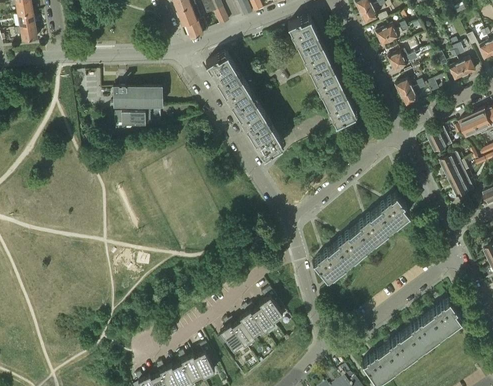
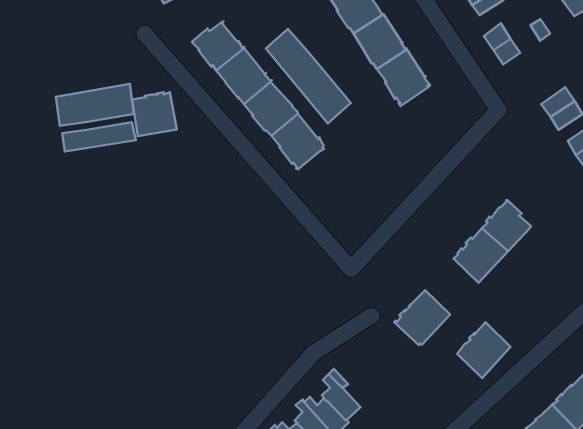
building: none -> [266,29,351,124]
building: none -> [132,92,177,136]
building: [336,227,371,263] -> [457,322,510,378]

